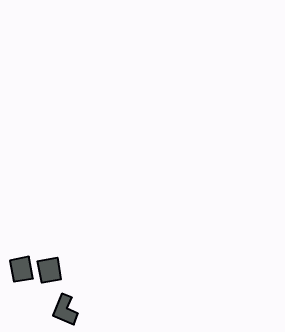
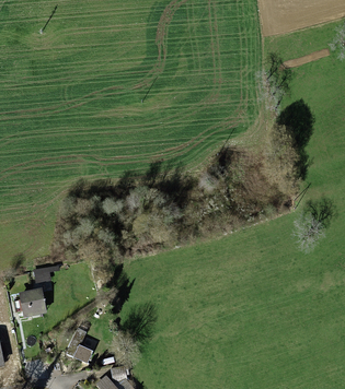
building: [37,258,61,283] -> none

